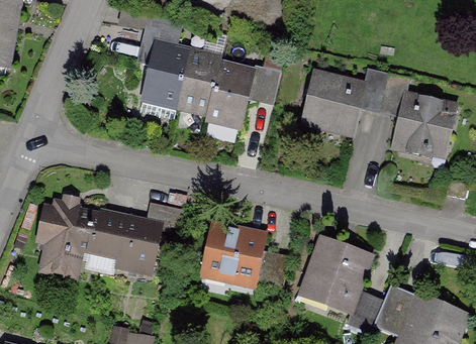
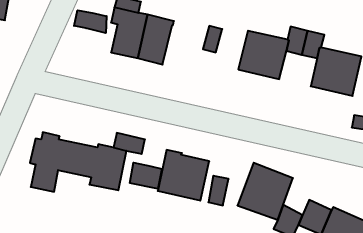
building: none -> [74,10,107,33]
building: [206,67,253,129] -> none
building: none -> [130,163,162,189]

